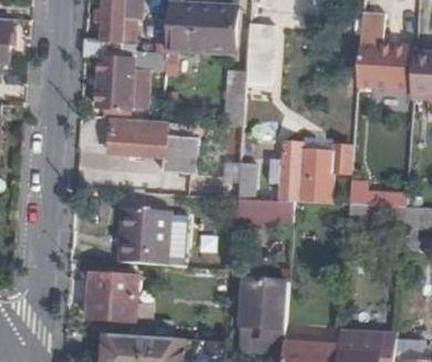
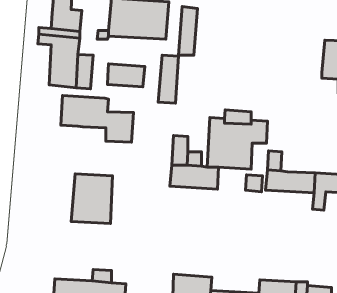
building: [358,13,416,91] -> none
building: none -> [107,64,145,87]
building: [90,275,134,320] -> none
building: [241,277,288,328] -> none

